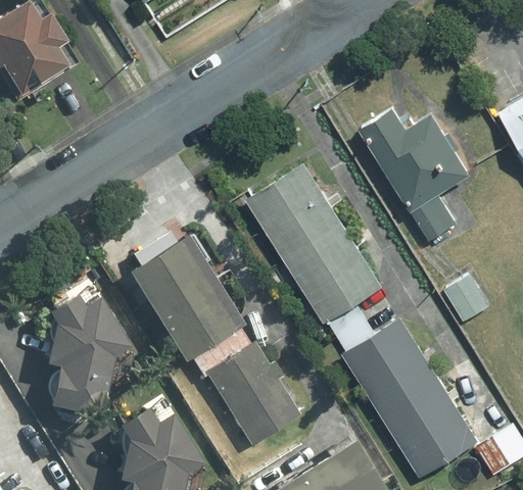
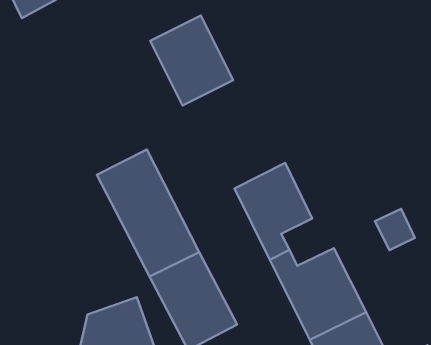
building: [370,100,481,240] -> none
building: [241,159,339,263] -> [150,15,233,106]
building: [40,287,138,404] -> none

